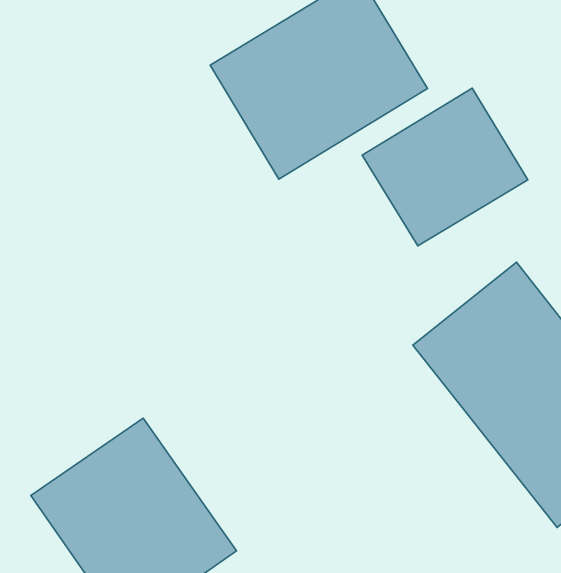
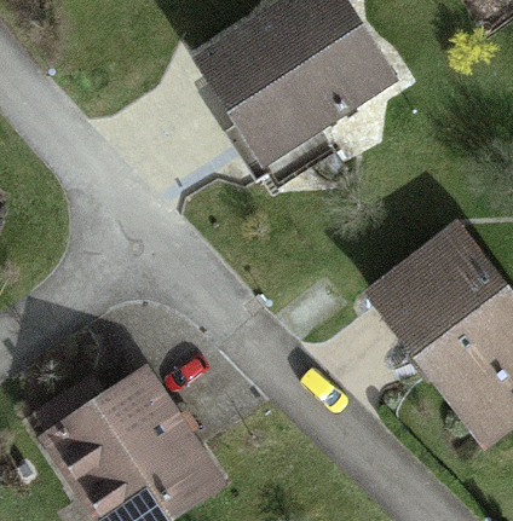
building: [362,88,528,246] -> none

